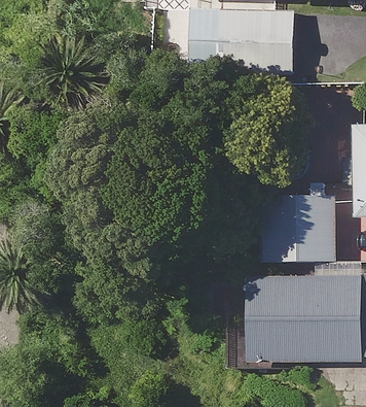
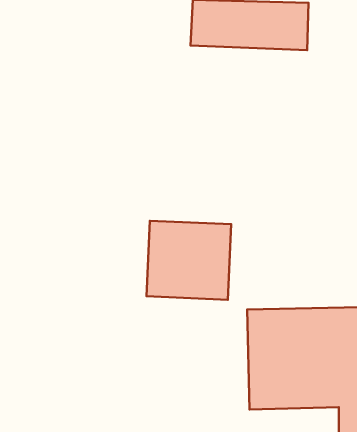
building: [262,195,336,264] -> [146,221,231,300]

